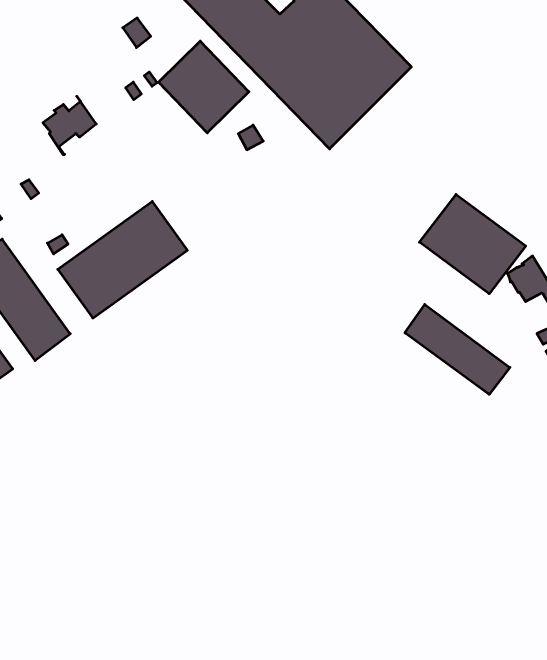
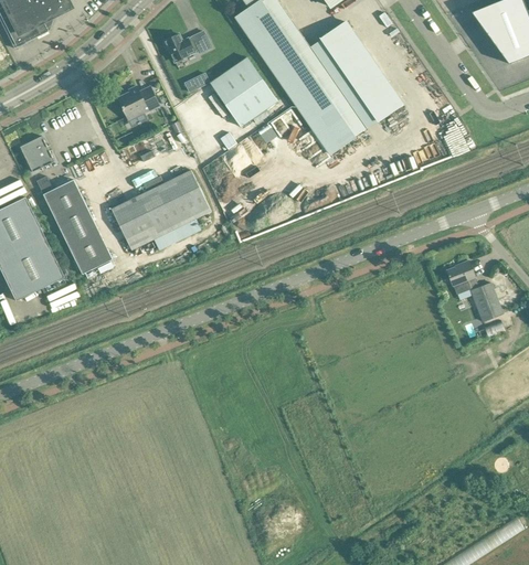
building: none -> [162,33,194,61]
building: [419,194,526,294] -> none
building: [405,304,510,394] -> none

